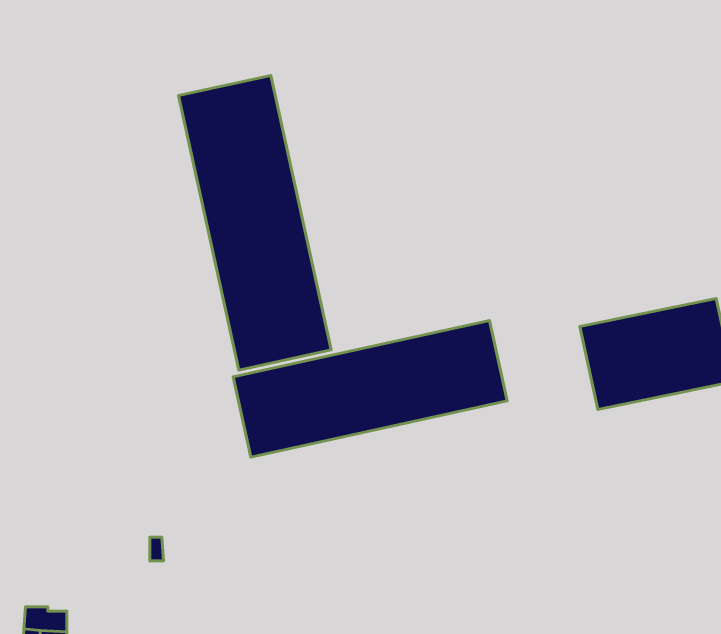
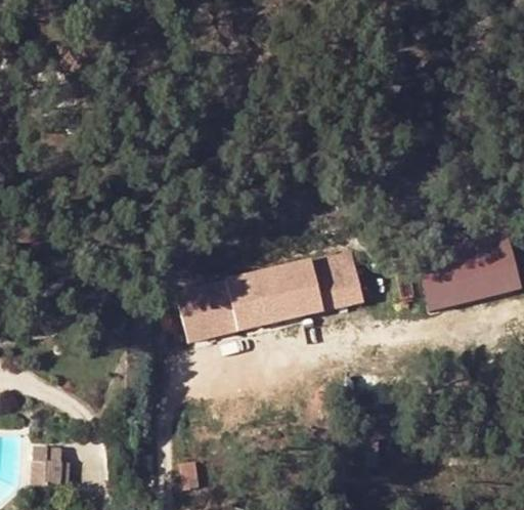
building: [178,75,331,370] -> none

